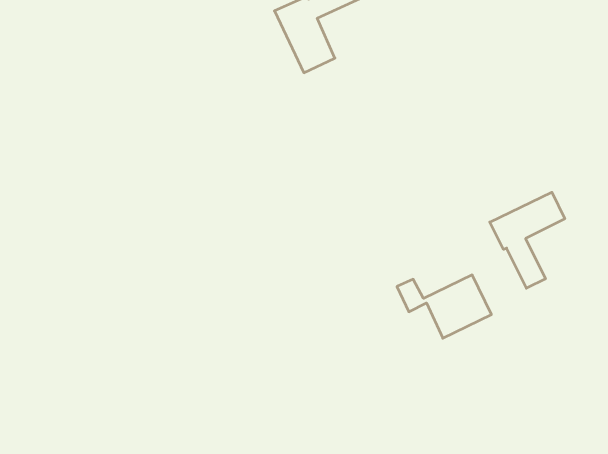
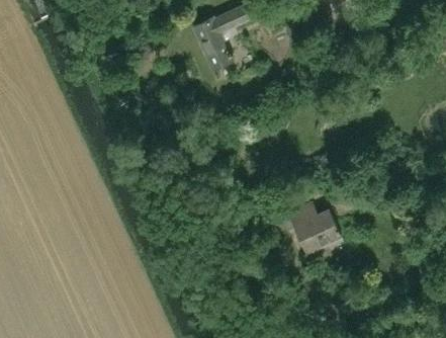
building: [490,192,565,288] -> none

